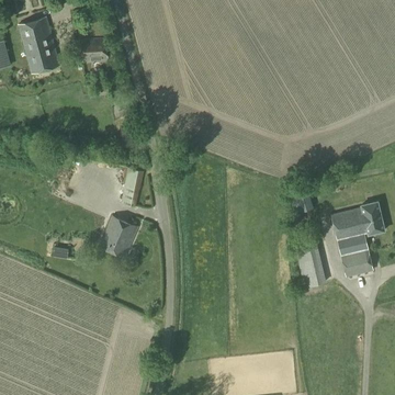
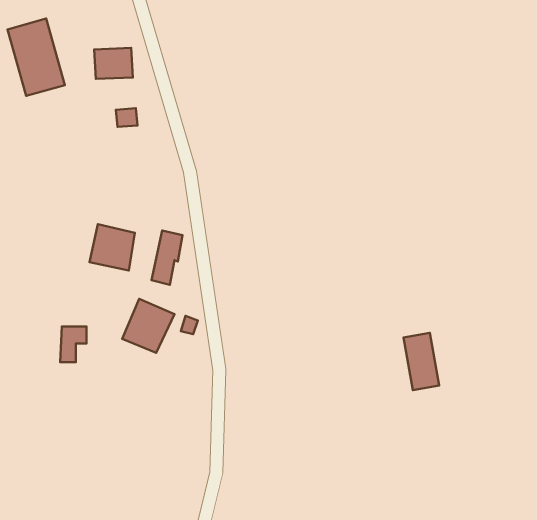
building: none -> [89,224,135,270]
building: [331,201,384,277] -> none

